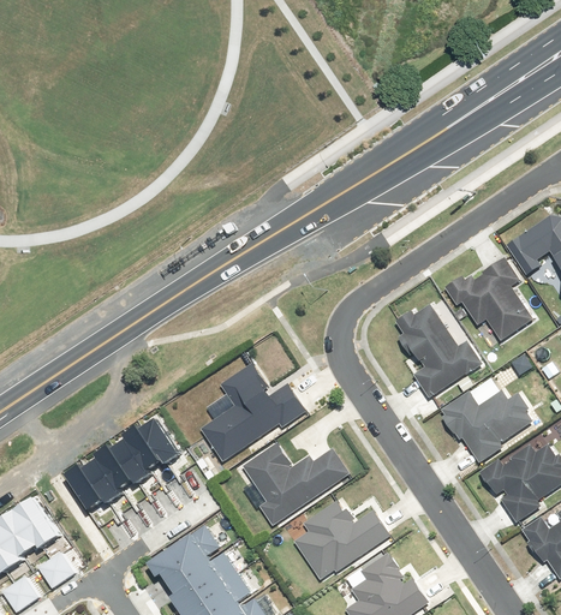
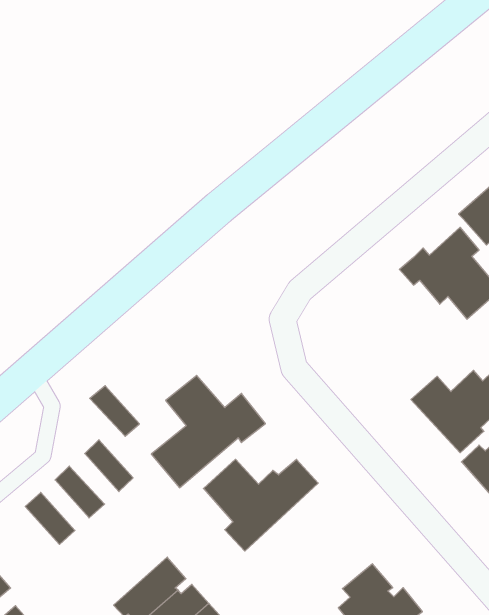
building: [395,306,484,400] -> none
building: [124,420,166,468] -> [90,386,139,436]
building: [95,441,136,489] -> none
building: [65,461,106,509] -> none
building: [290,501,389,580] -> none

